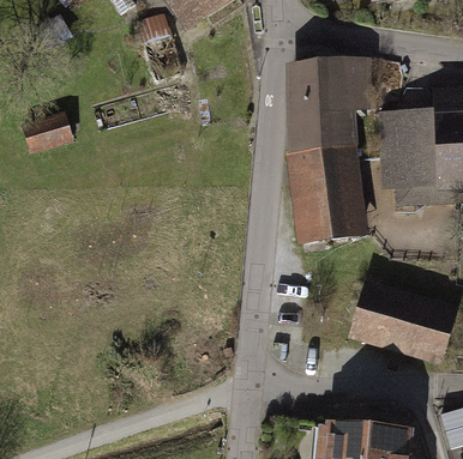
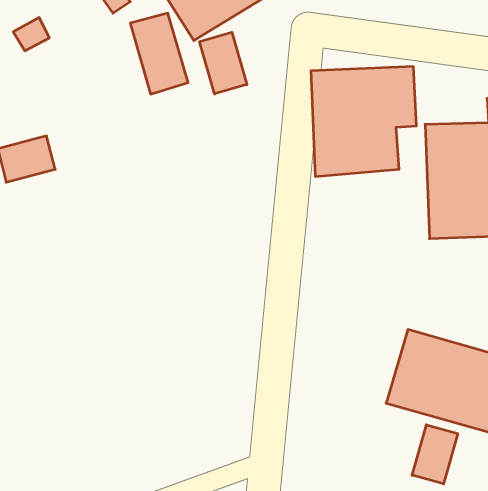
building: none -> [200,32,247,94]
building: [289,146,367,242] -> none
building: none -> [412,425,458,484]

